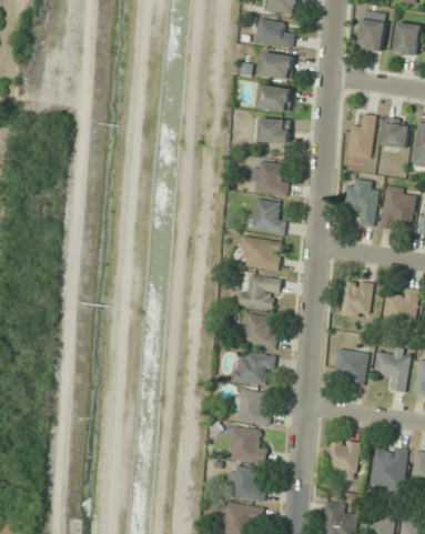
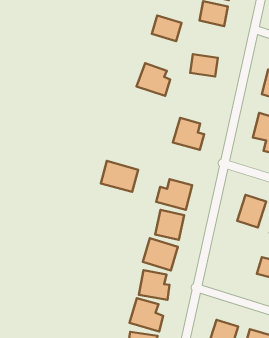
building: [256,84,291,112] -> [152,16,182,41]
building: [249,160,289,197] -> [136,63,170,96]
building: [239,236,282,270] -> [101,161,138,192]
building: [334,347,368,386] -> none

